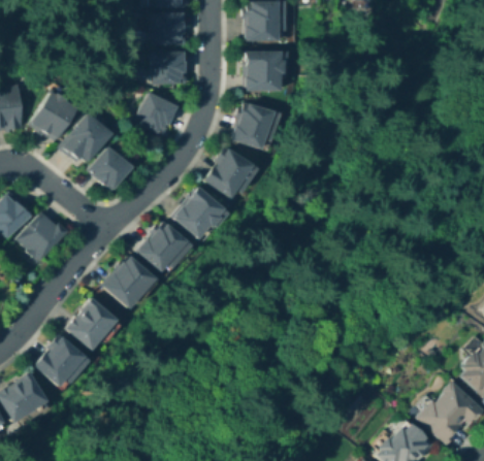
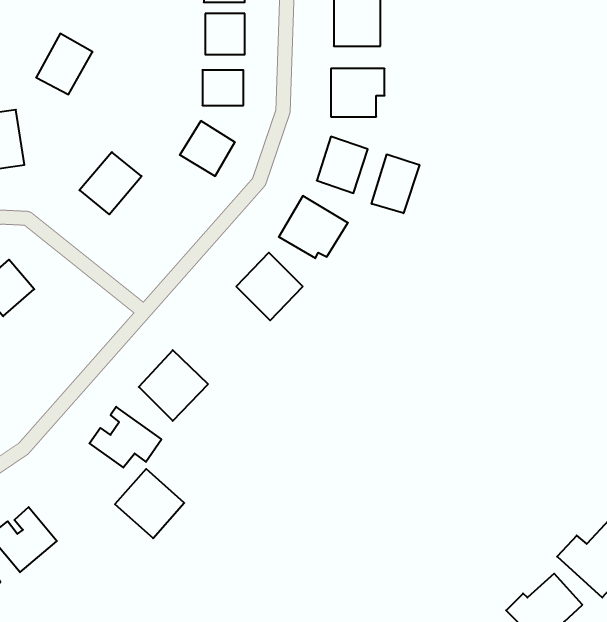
building: [32,94,73,138] -> [36,34,93,94]
building: none -> [372,154,419,213]
building: [93,151,127,185] -> none
building: [20,213,65,259] -> none
building: [140,229,193,271] -> none
building: [37,337,88,388] -> [115,469,184,538]

